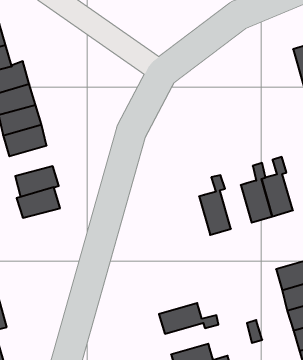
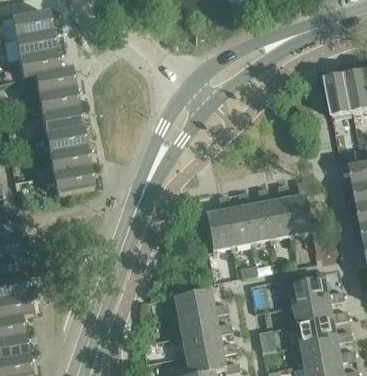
building: none -> [244,186,271,241]
building: none -> [204,193,231,248]
building: [17,187,60,218] -> [49,147,89,173]
building: none -> [173,288,228,315]
building: none -> [180,327,235,354]

